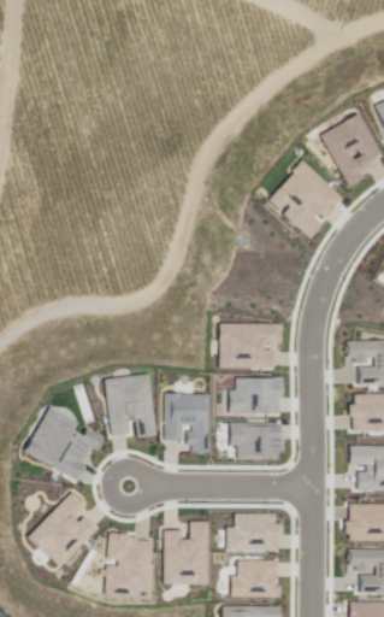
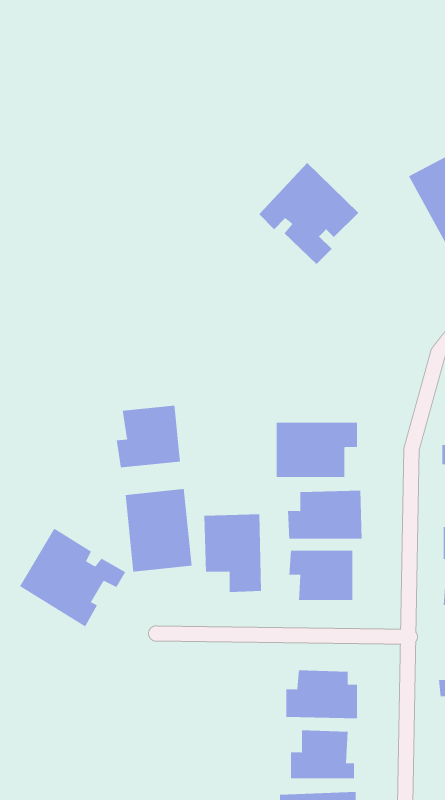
building: [265,160,342,239] -> [258,162,359,265]
building: none -> [116,405,181,468]
building: [28,490,95,565] -> none
building: [163,521,208,583] -> none
building: [104,531,152,595] -> none

